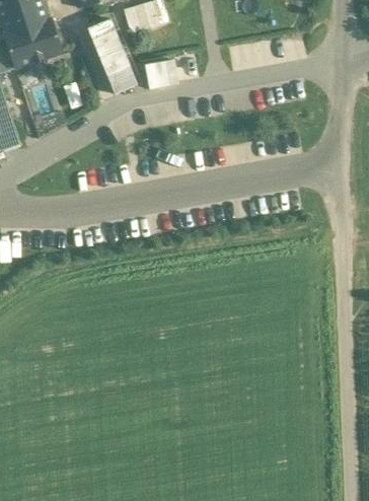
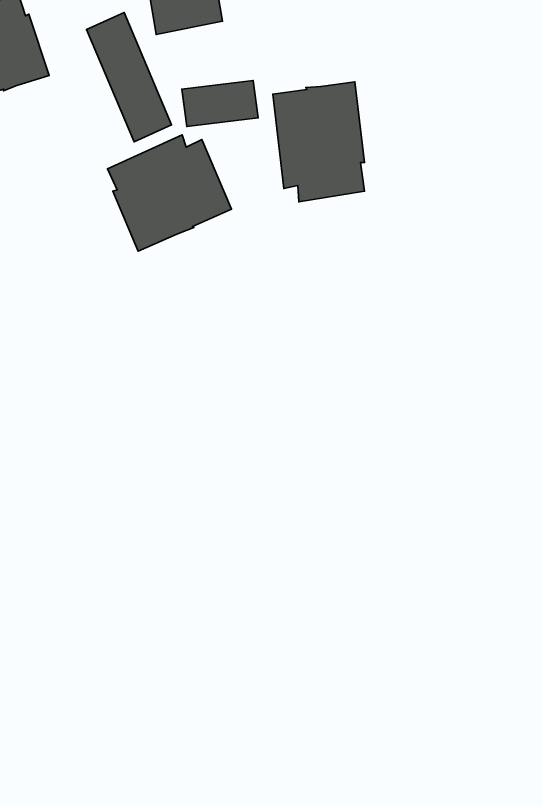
building: none -> [273,82,365,202]
building: none -> [108,135,231,251]

